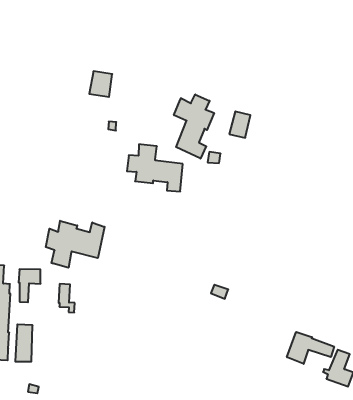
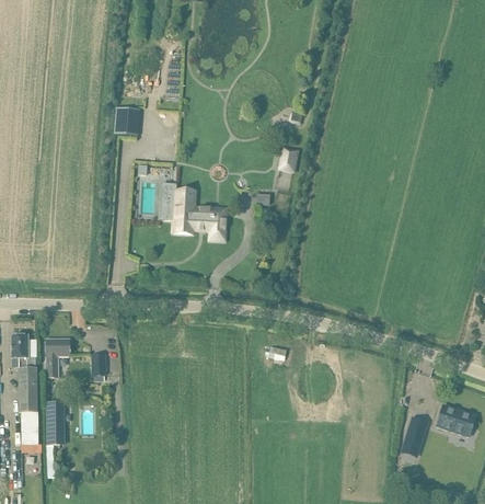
building: [174,94,214,159] -> none
building: [46,221,105,268] -> none
building: [287,332,334,364] -> none

